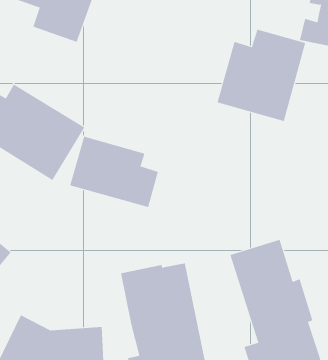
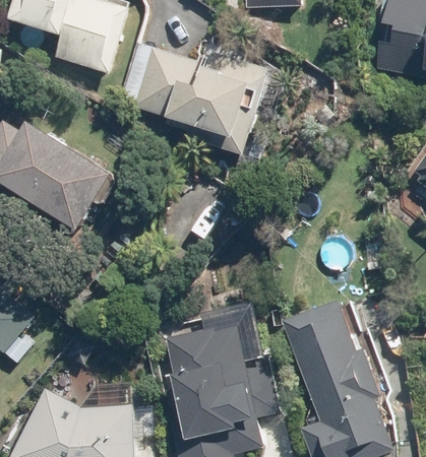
building: none -> [126,49,266,157]
building: [217,29,306,122] -> none
building: [69,136,159,208] -> none

